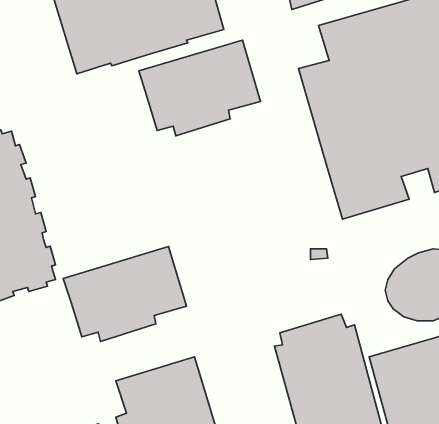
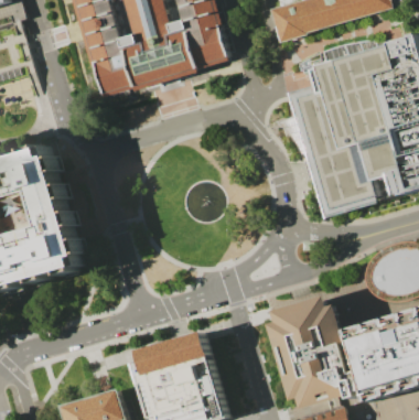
building: [139,40,260,136] -> none
building: [63,246,186,341] -> none

